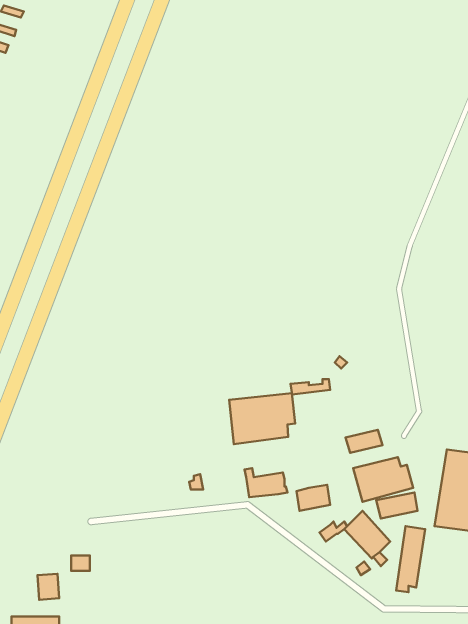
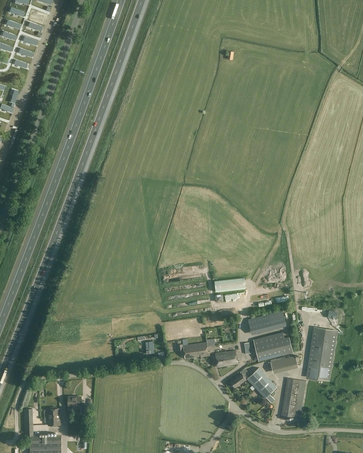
building: [229,393,295,444] -> none

